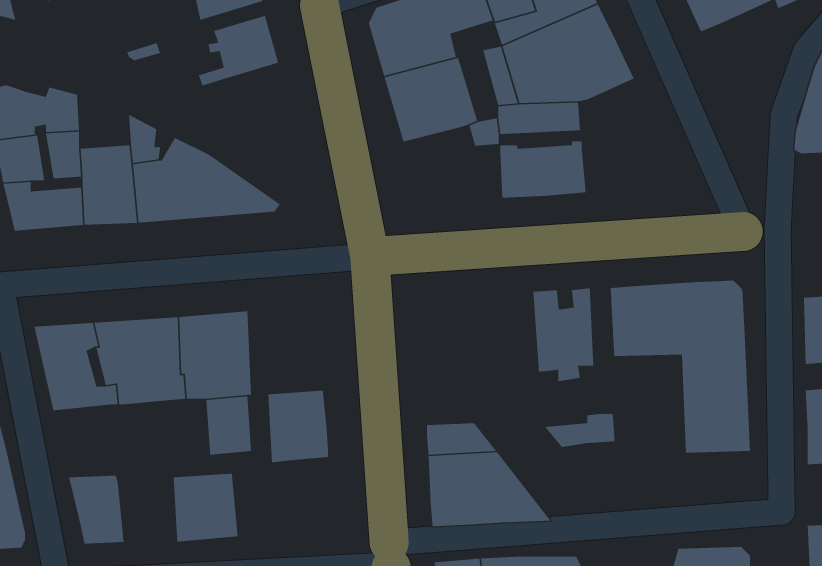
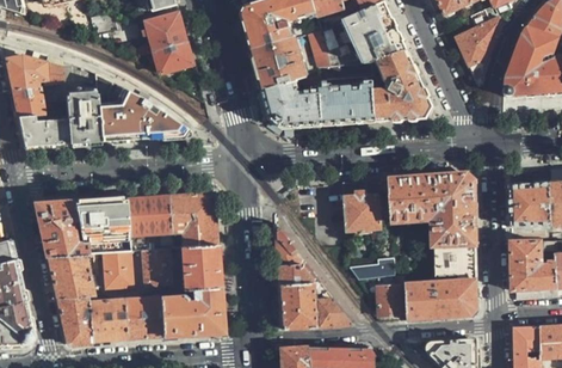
building: none -> [455,8,502,88]
building: none -> [154,42,192,73]
building: none -> [373,51,432,122]
building: none -> [263,81,323,129]
building: none -> [167,191,214,247]
building: none -> [273,223,307,265]
building: none -> [100,250,131,287]
building: none -> [47,253,92,298]
building: none -> [360,277,399,317]
building: none -> [406,282,478,320]
building: none -> [158,286,221,335]
building: none -> [87,298,123,343]

